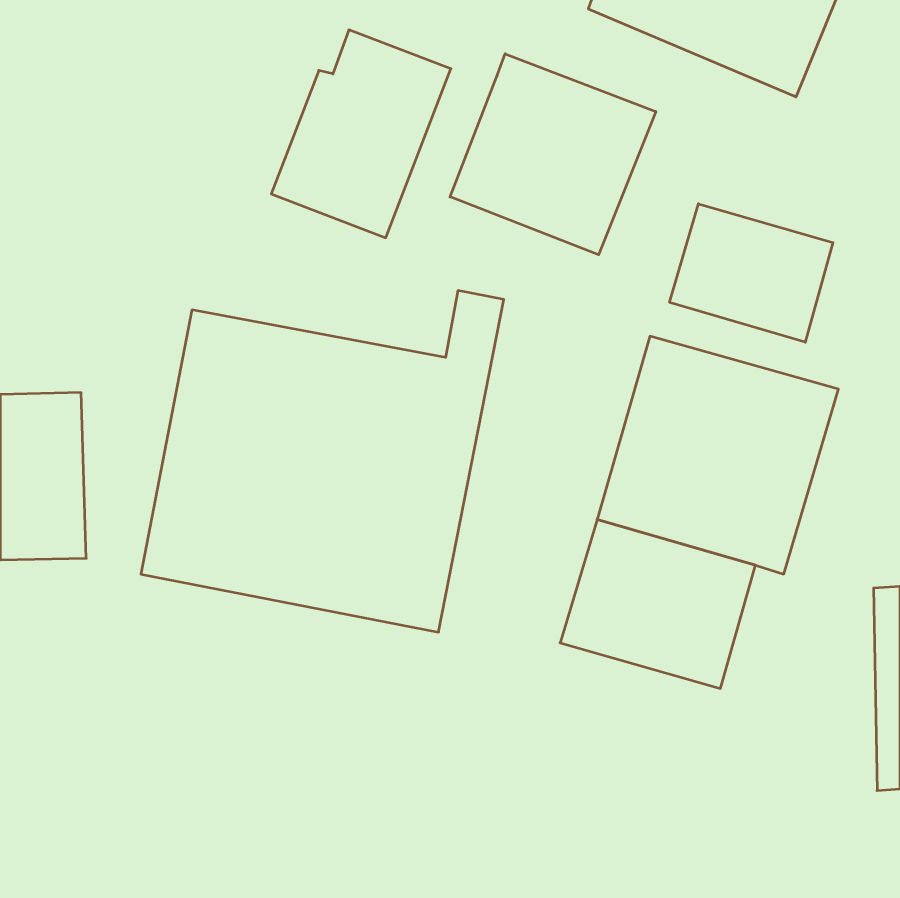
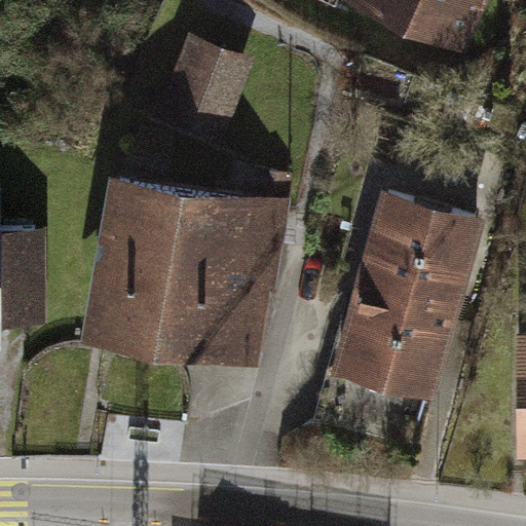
building: [450,54,656,255] -> none
building: [670,204,833,342] -> none

